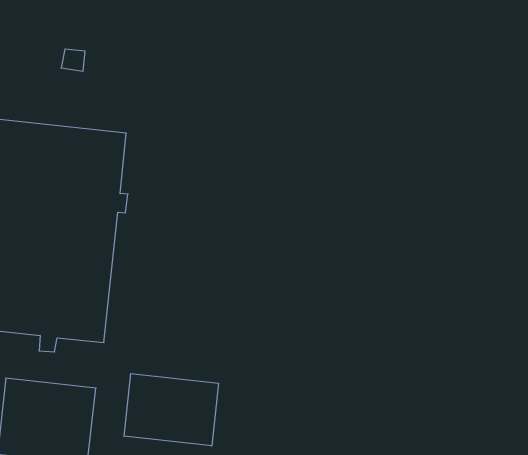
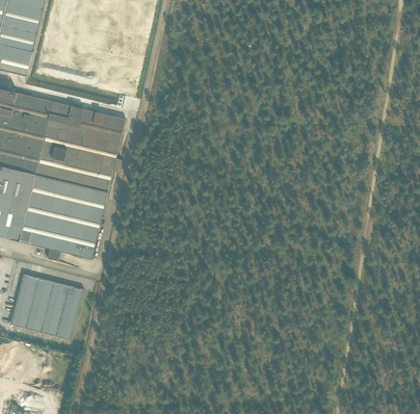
building: [124,374,218,446] -> none

